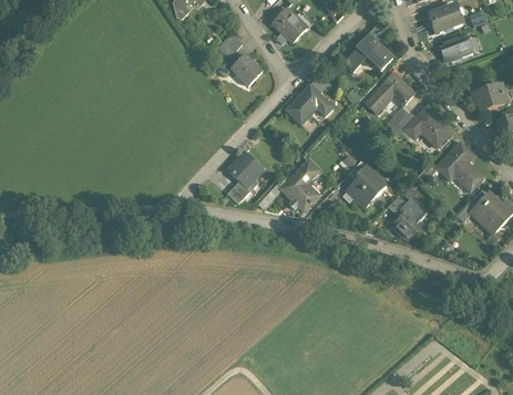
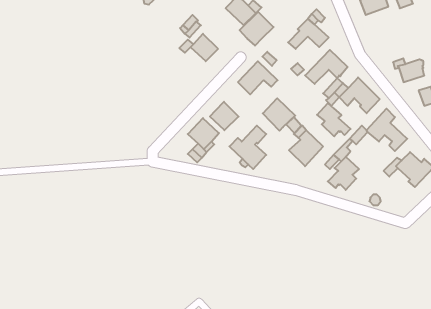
building: none -> [240,12,274,46]
building: [440,37,472,61] -> none
building: none -> [263,98,295,131]
building: none -> [210,102,239,130]
building: none -> [317,103,351,136]

